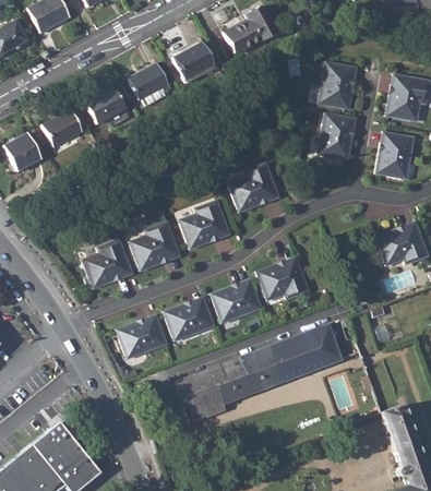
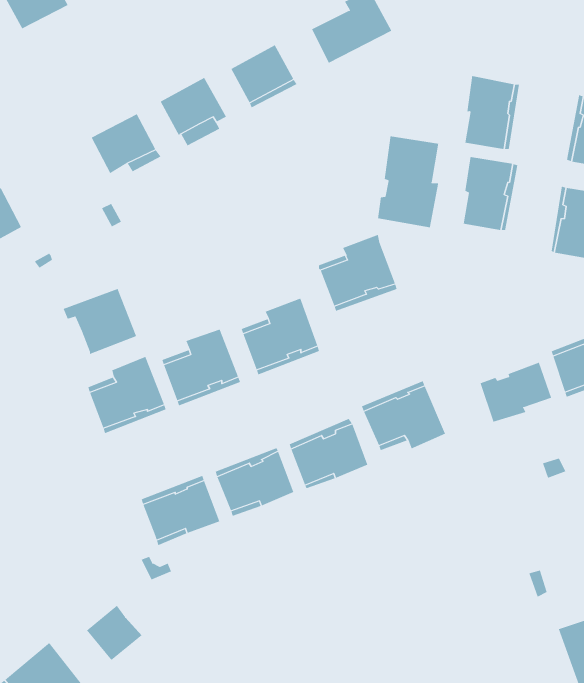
building: none -> [377,135,439,228]
building: [43,108,83,146] -> none
building: none -> [63,288,137,355]
building: none -> [480,362,552,423]
building: [175,322,342,422] -> none
building: none -> [86,605,142,661]

